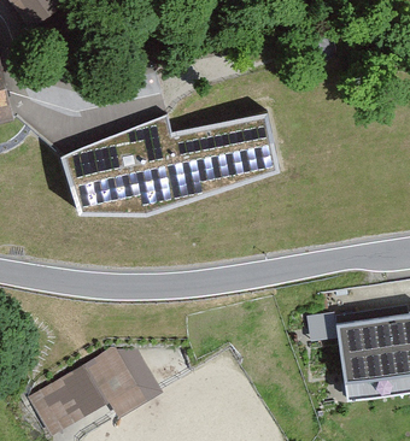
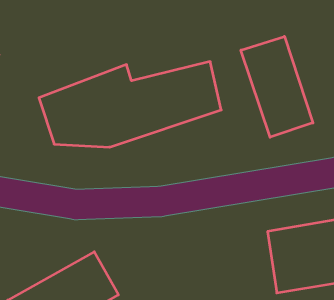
building: none -> [241,36,313,137]

